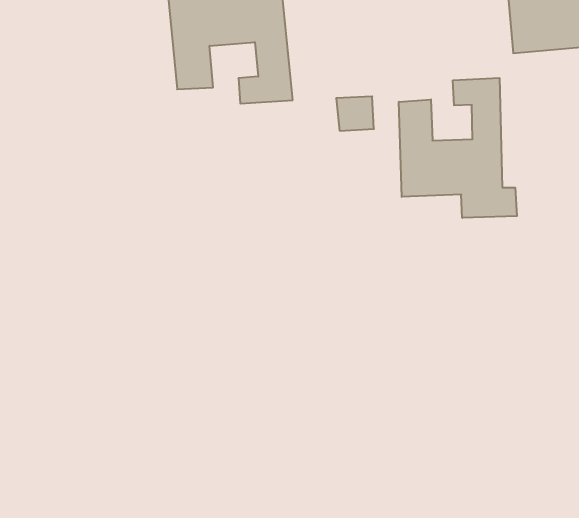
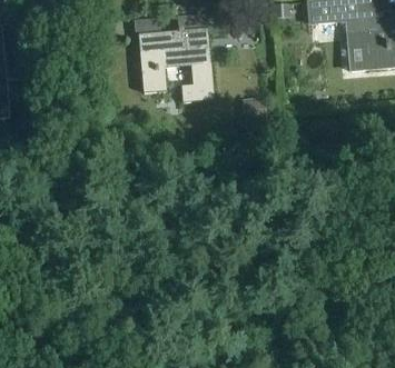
building: [399,78,517,218] -> none

